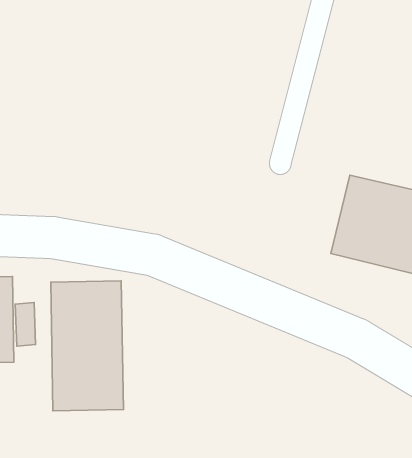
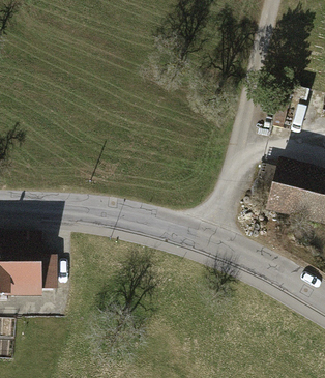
building: [51,281,123,411] -> none

